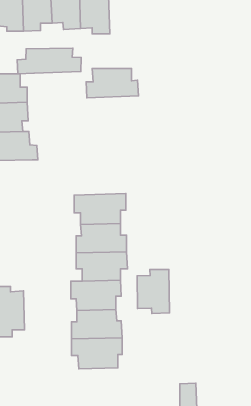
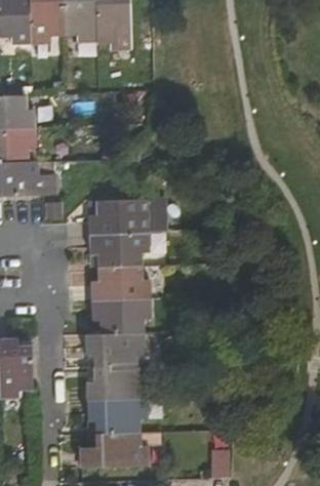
building: [17,48,81,74] -> none
building: [86,68,138,98] -> [88,201,149,235]
building: [137,269,170,313] -> none
building: none -> [79,435,146,467]

